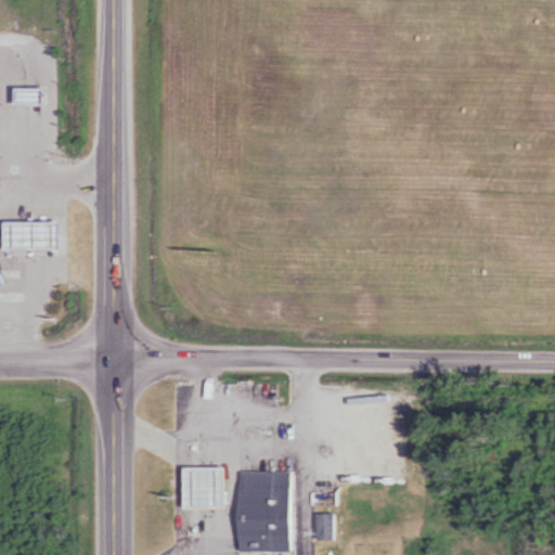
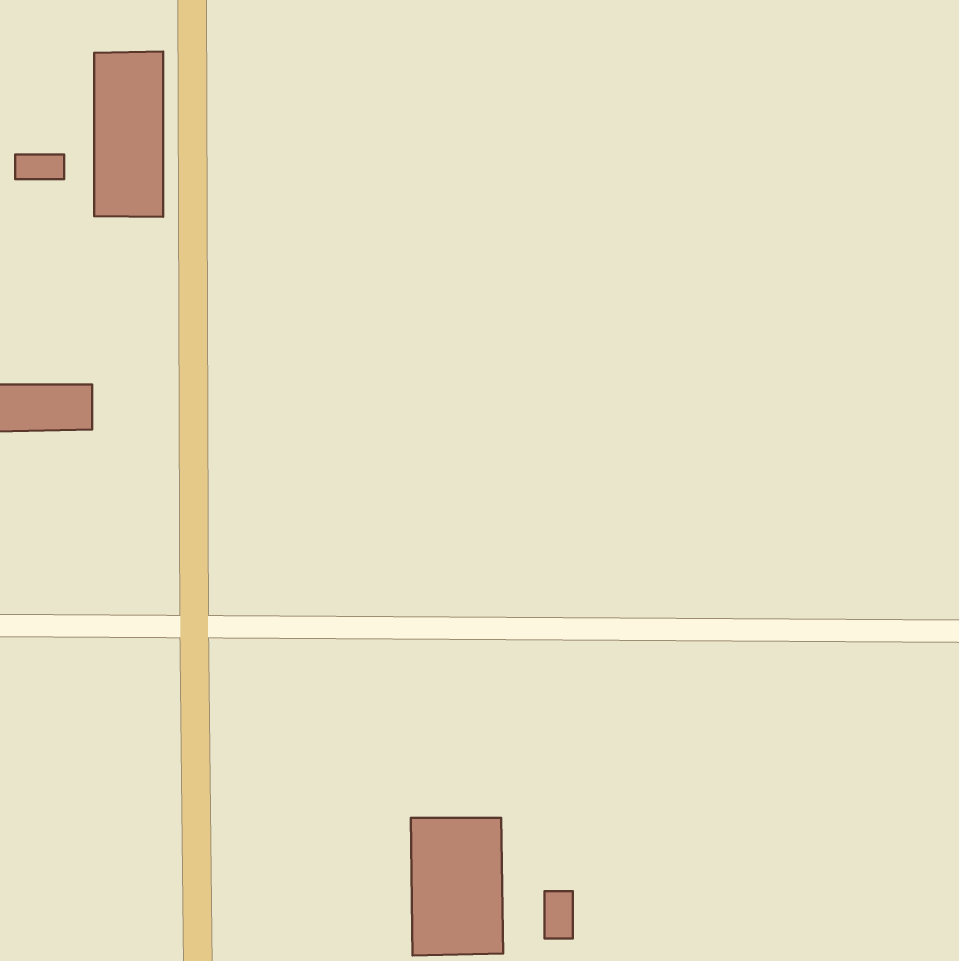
building: none -> [94,51,163,217]
building: [179,469,221,511] -> none

